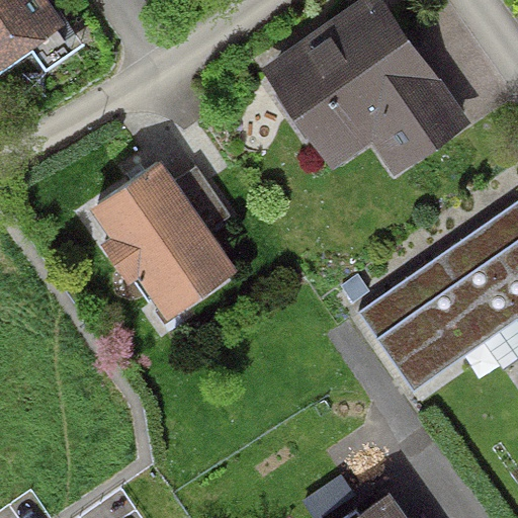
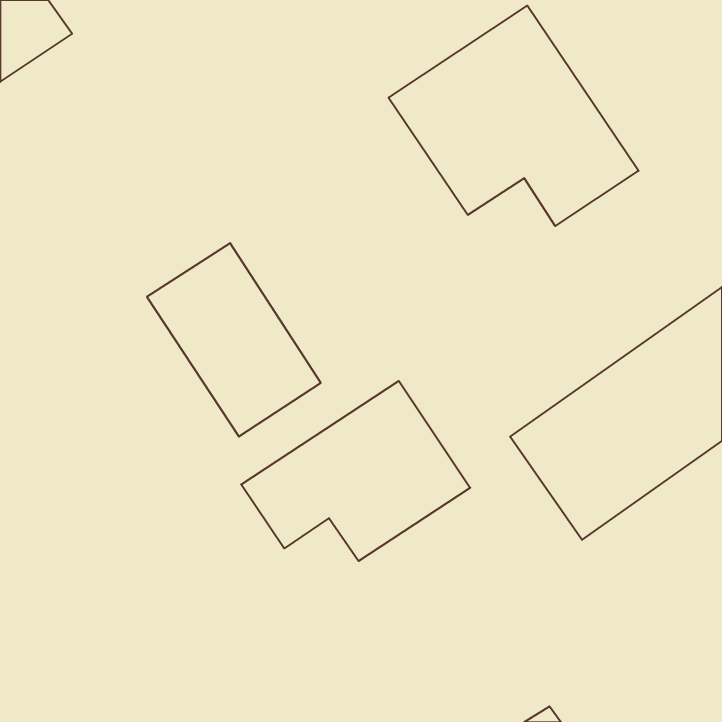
building: none -> [241,381,470,561]

